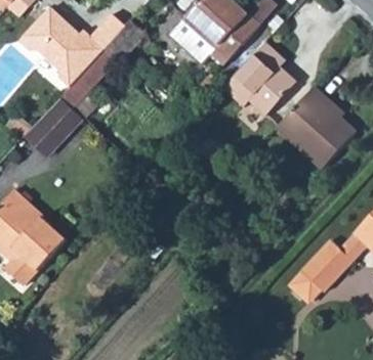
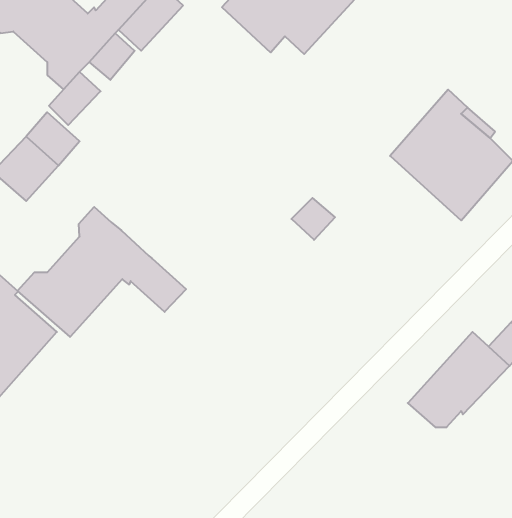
building: [223,43,296,116] -> none
building: none -> [18,207,186,337]

